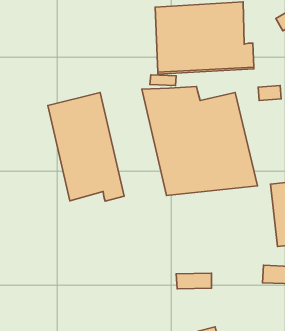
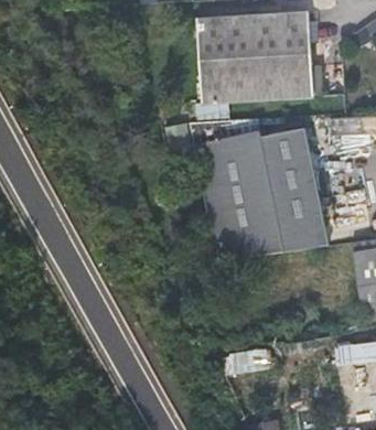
building: [48,92,124,201] -> none

